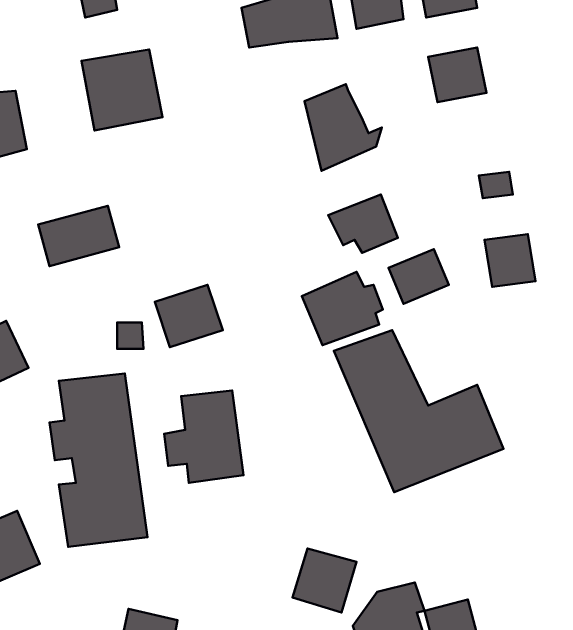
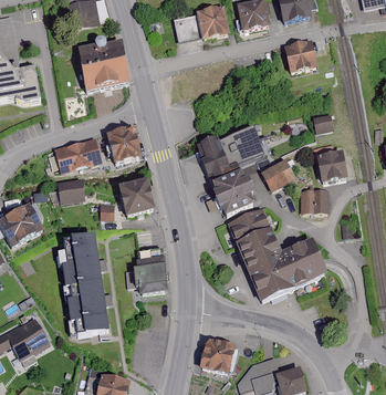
building: [305,84,382,171] -> [197,137,242,188]
building: none -> [104,123,143,160]
building: none -> [58,179,85,204]
building: none -> [300,187,327,212]

